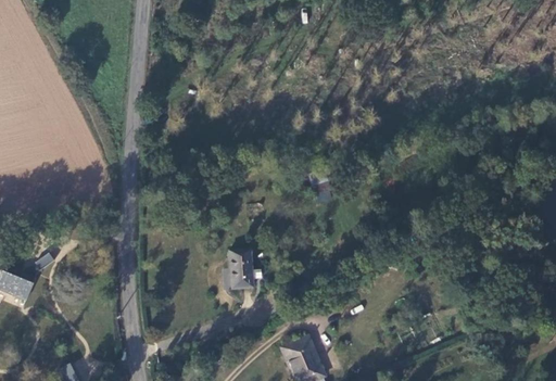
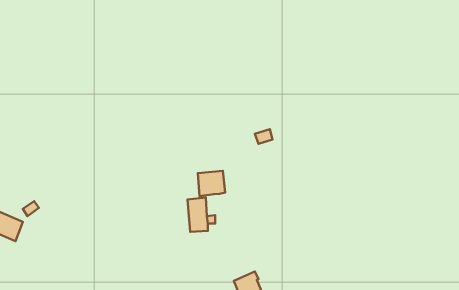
building: none -> [198,171,225,196]

